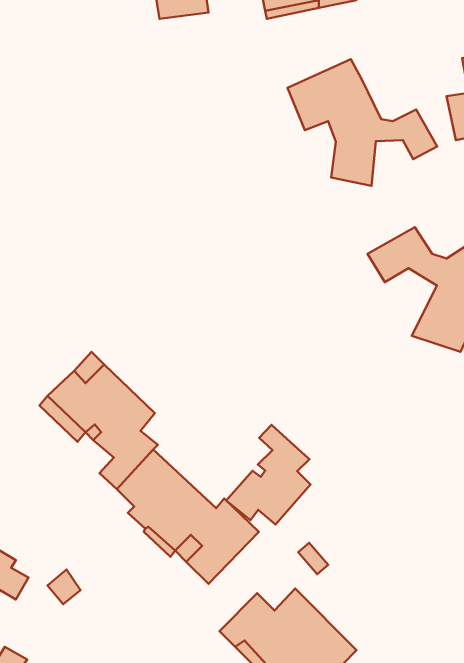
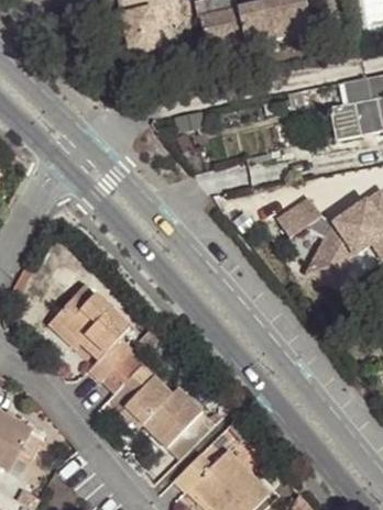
building: [287,59,437,186] -> none
building: [226,425,310,525] -> none

